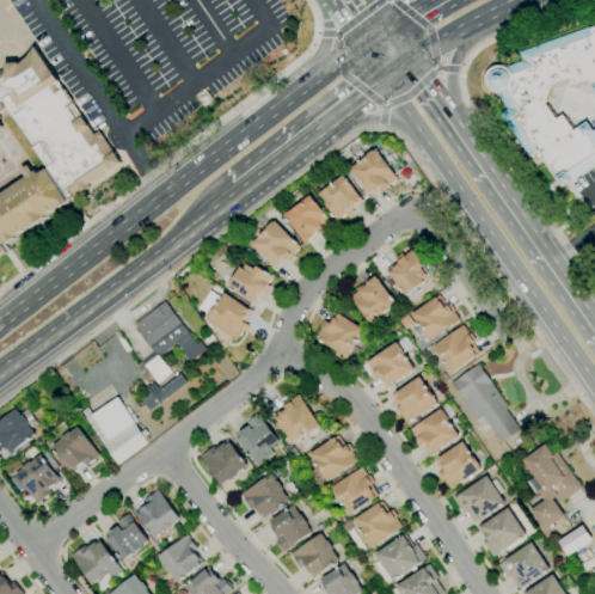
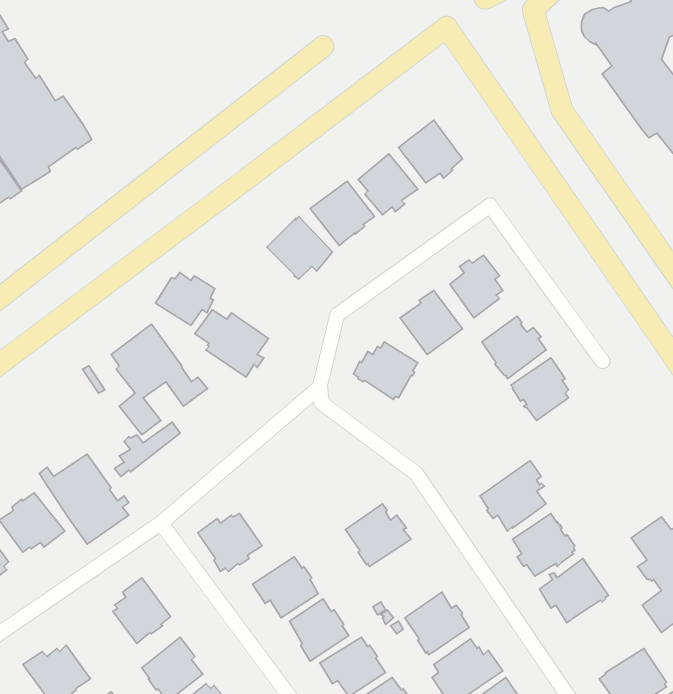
building: [227,264,271,304] -> [156,273,215,326]
building: [362,337,413,388] -> none
building: [450,363,521,443] -> none
building: [391,376,437,424] -> none
building: [272,394,319,443] -> none
building: [234,414,278,466] -> none
building: [331,467,375,515] -> none
building: [478,508,526,557] -> none
building: [106,514,148,562] -> none

